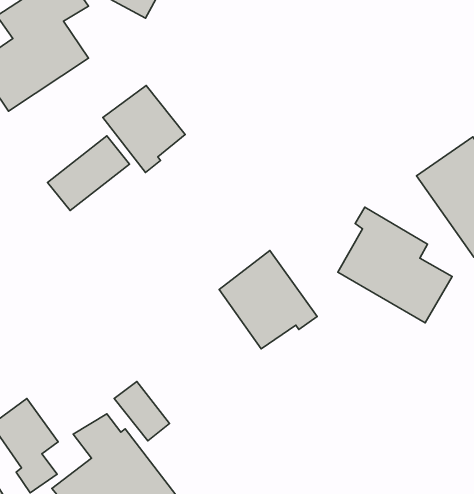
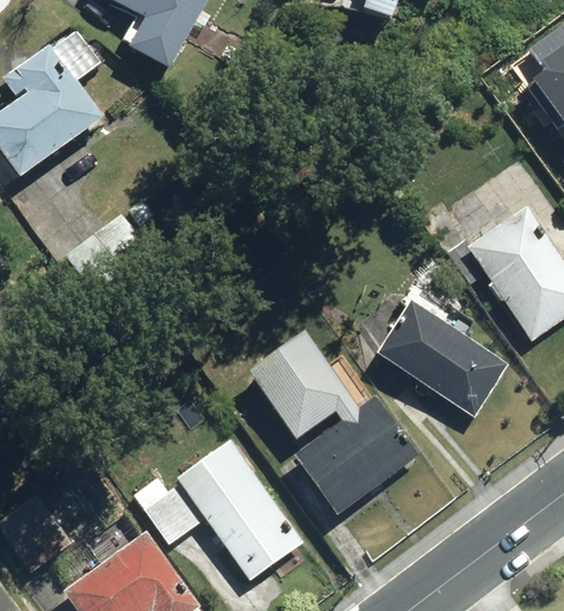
building: [103,86,185,172] -> none
building: none -> [281,405,409,526]
building: none -> [178,439,306,584]

